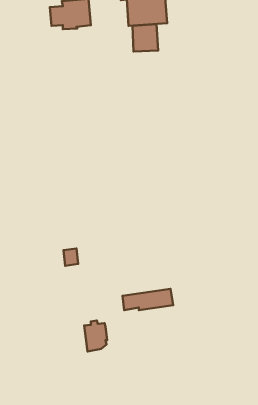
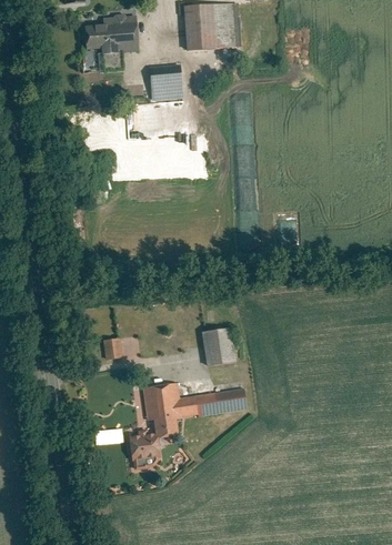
building: [133,24,158,51] -> [149,65,182,101]
building: none -> [203,329,235,366]
building: none -> [143,382,182,438]

